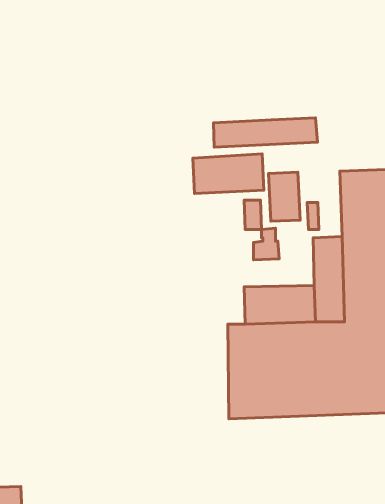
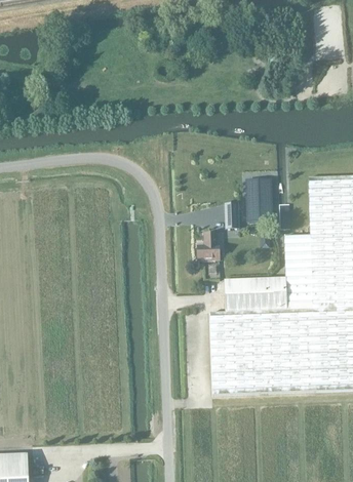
building: [214,118,318,147] -> none
building: [193,154,264,193] -> none
building: [253,228,279,260] -> [196,232,219,259]

